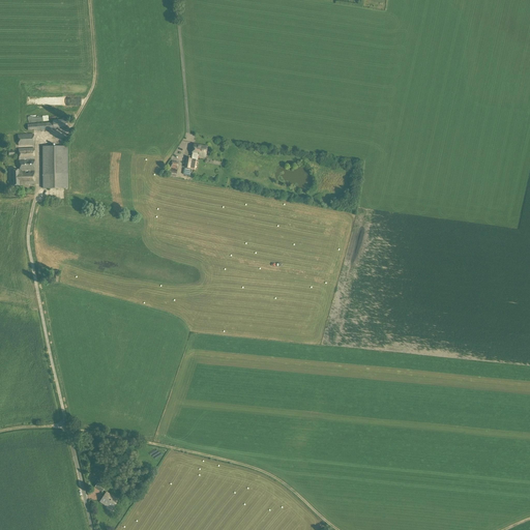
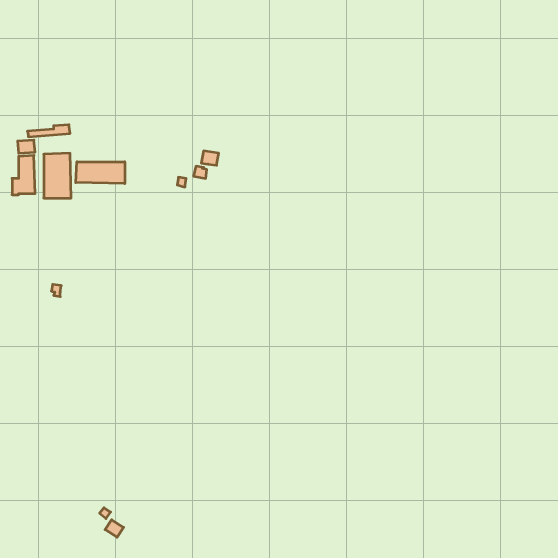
building: none -> [76,162,125,184]

